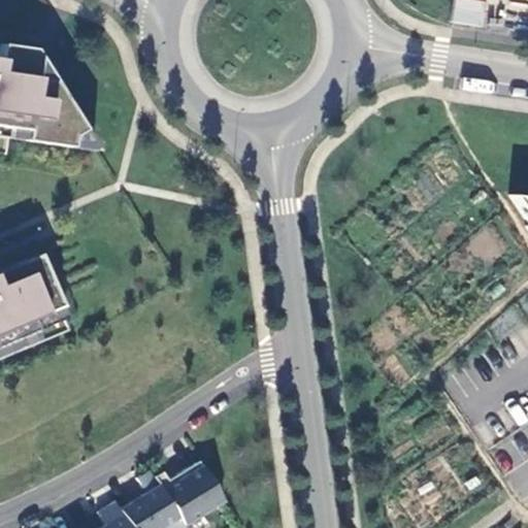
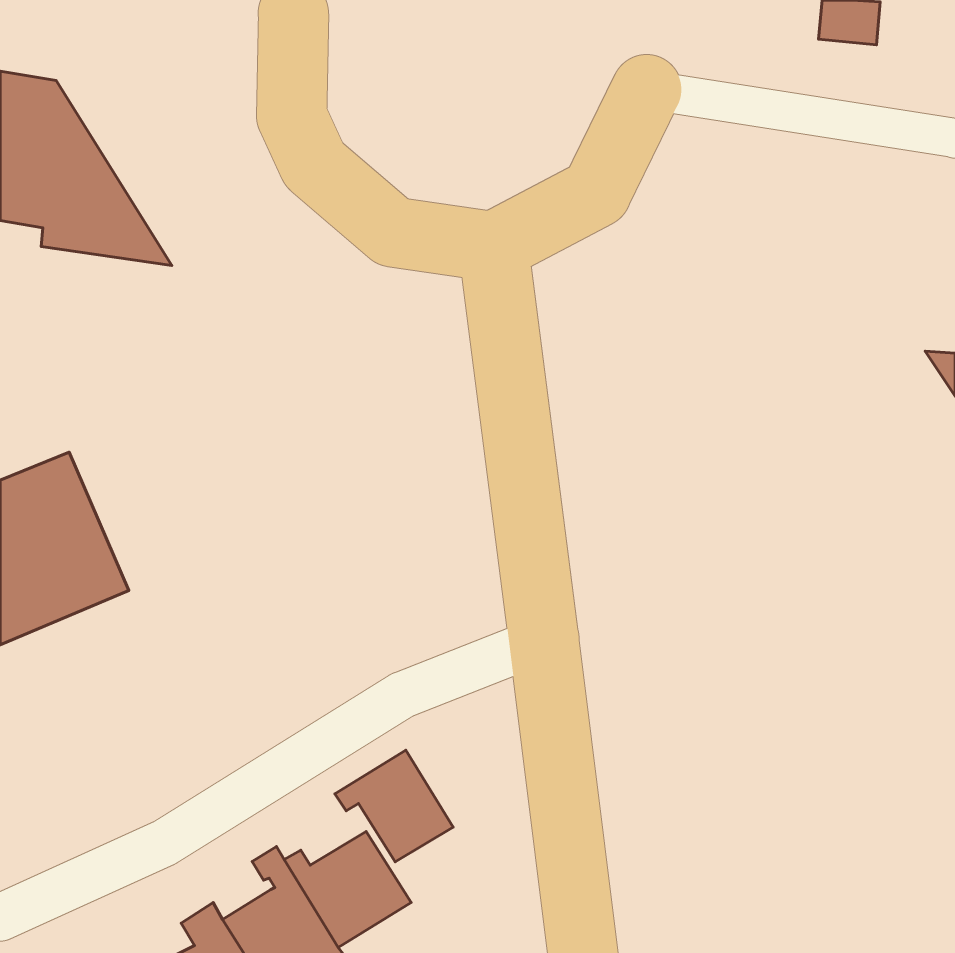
building: none -> [335,750,453,862]

